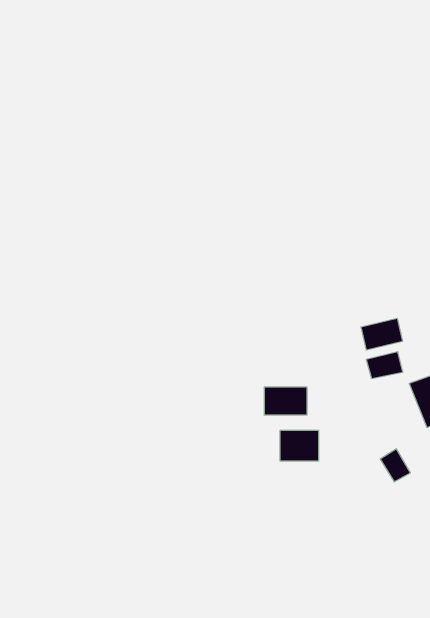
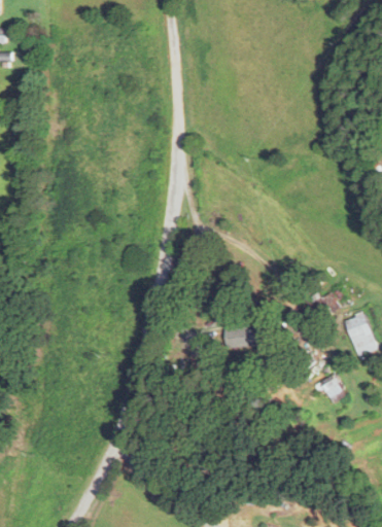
building: [361,318,403,350] -> none
building: [280,430,318,461] -> none

